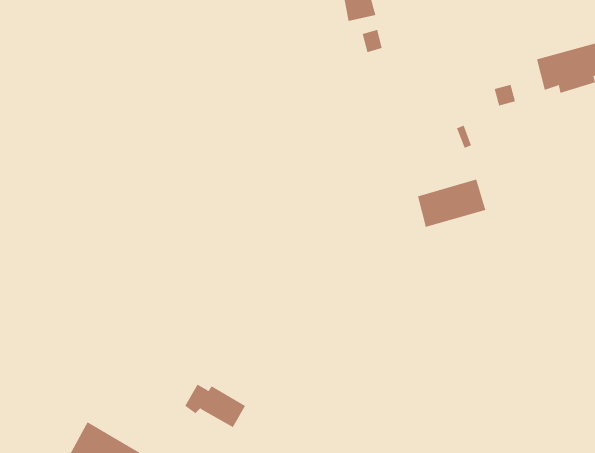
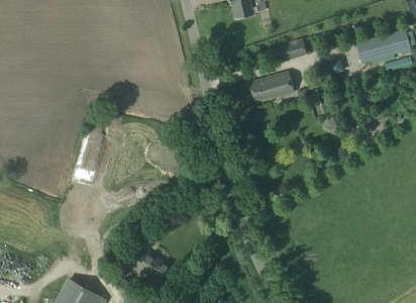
building: none -> [278,40,306,62]
building: [417,179,486,228] -> [249,73,294,104]

